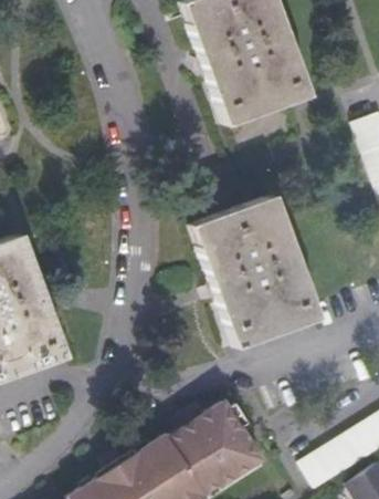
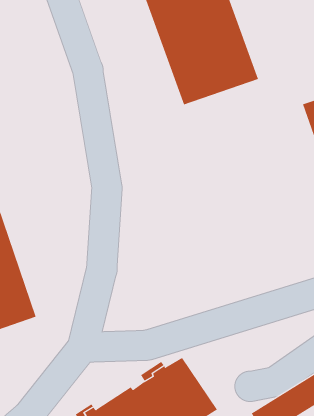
building: [191,196,317,349] -> none

